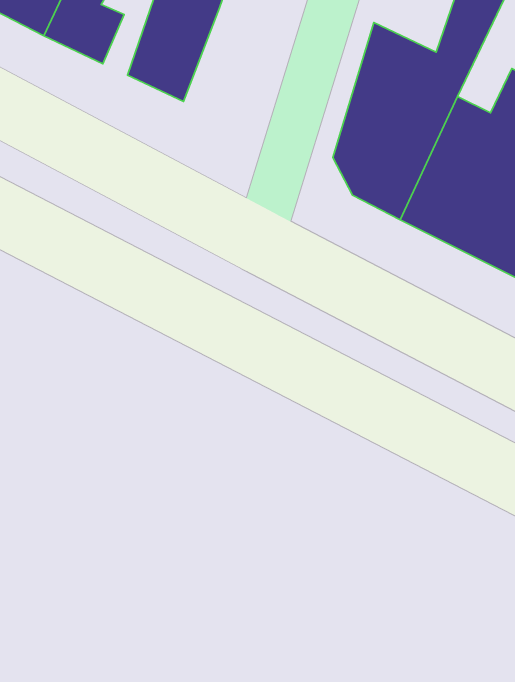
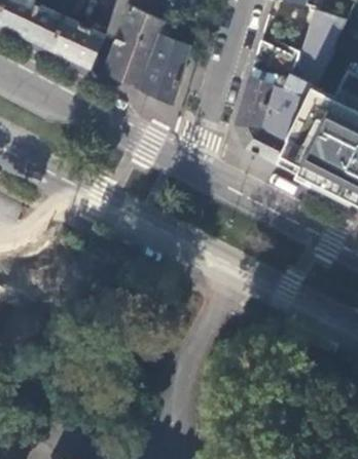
building: none -> [139,32,188,105]

